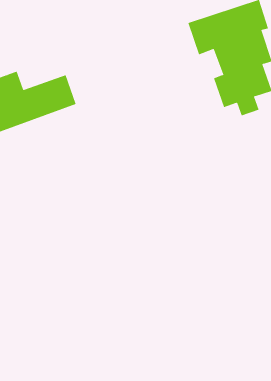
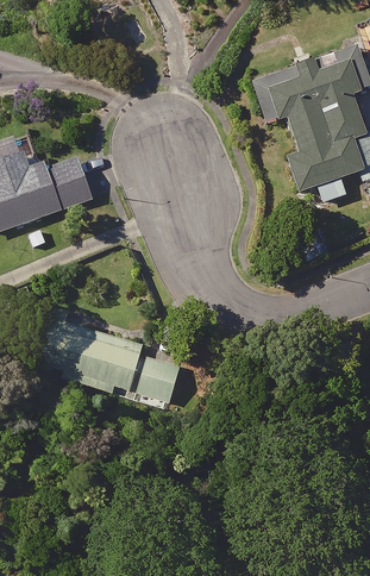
building: none -> [45,312,180,405]

